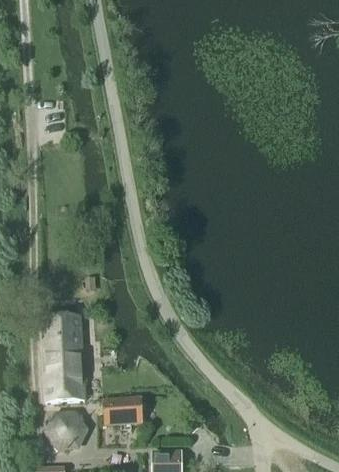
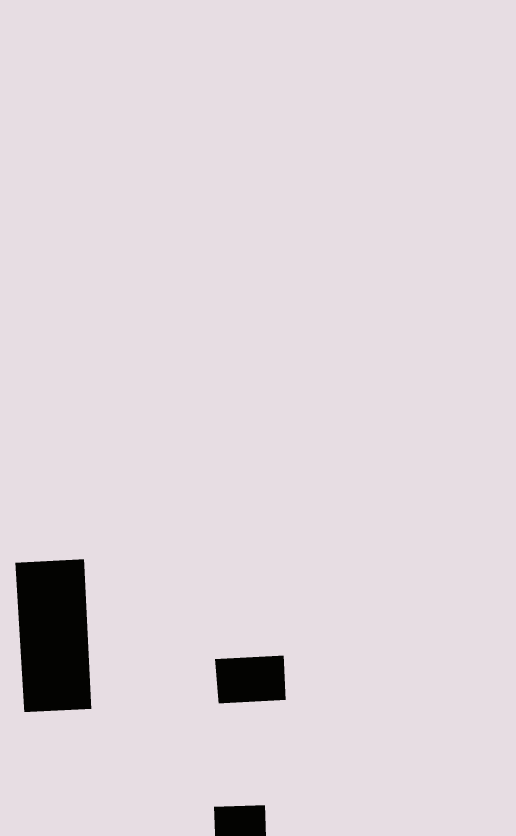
building: [102,397,142,424] -> [214,655,286,704]
building: [44,412,87,450] -> none

